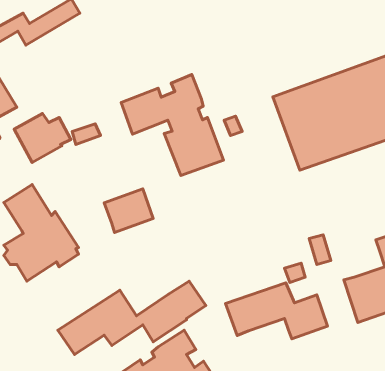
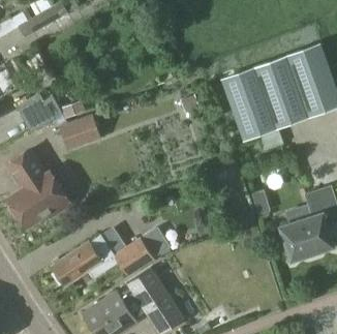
building: [121,75,223,175] -> none
building: [104,189,153,233] -> [60,115,99,150]
building: [225,283,328,339] -> none

